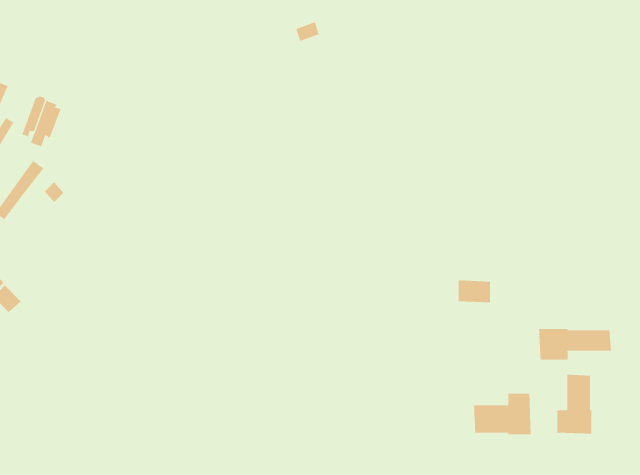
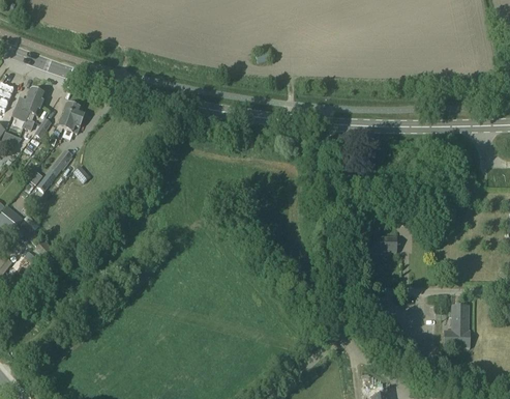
building: [539,328,612,361] -> none
building: [473,393,531,435] -> none

